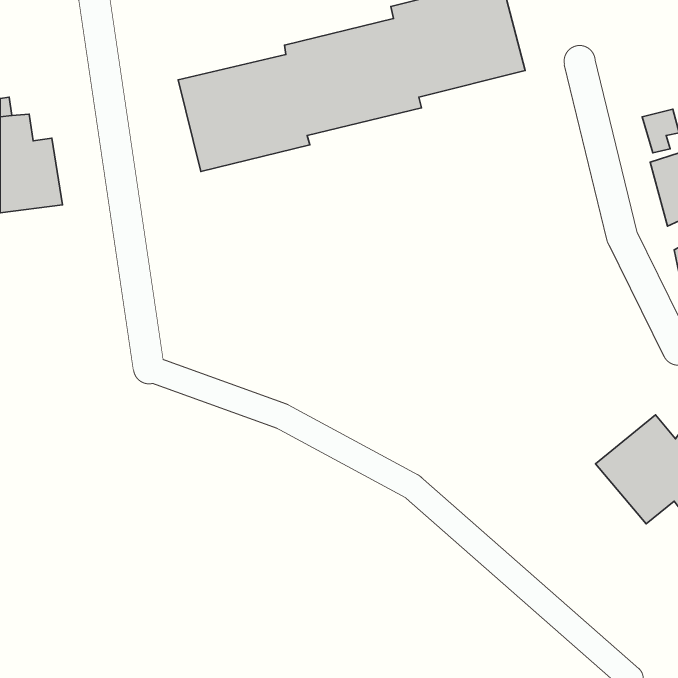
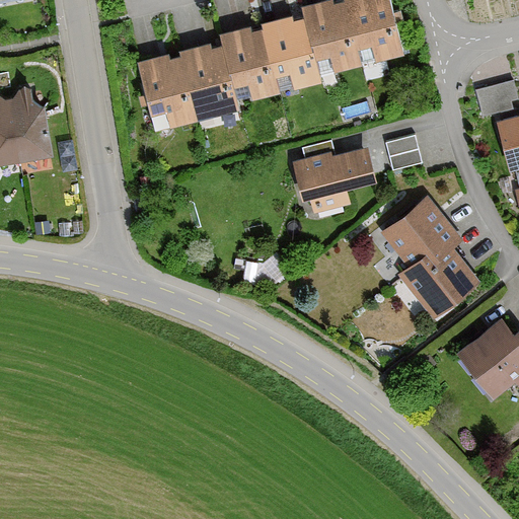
building: none -> [388,138,423,173]
building: none -> [292,148,375,214]
building: none -> [381,196,478,318]

